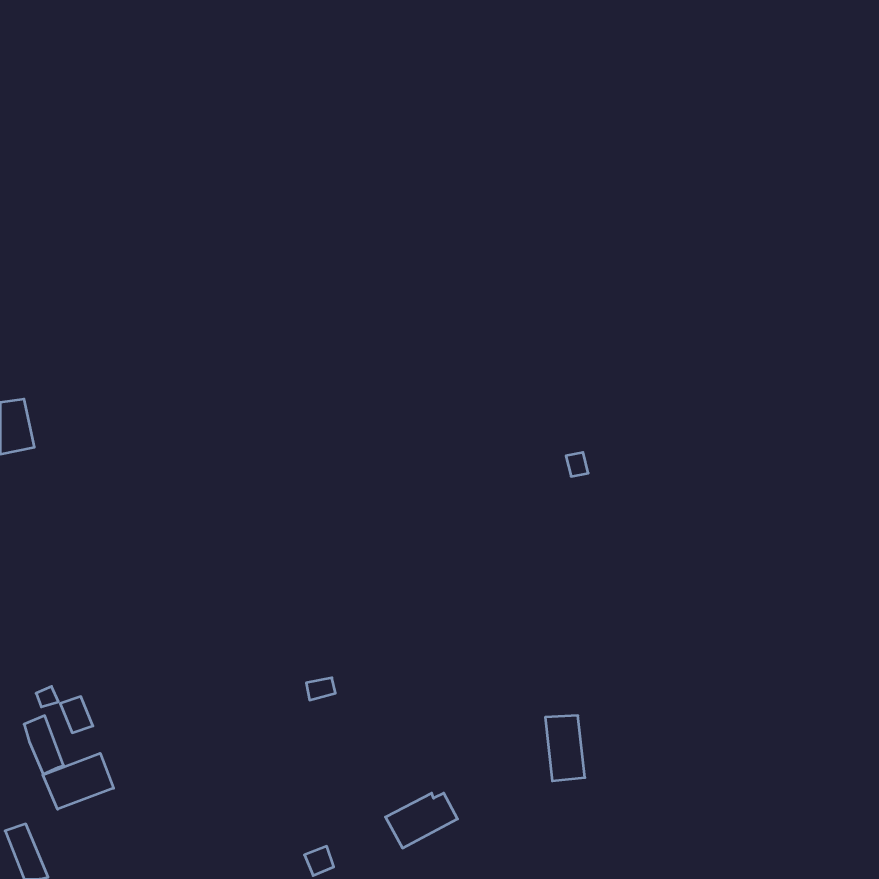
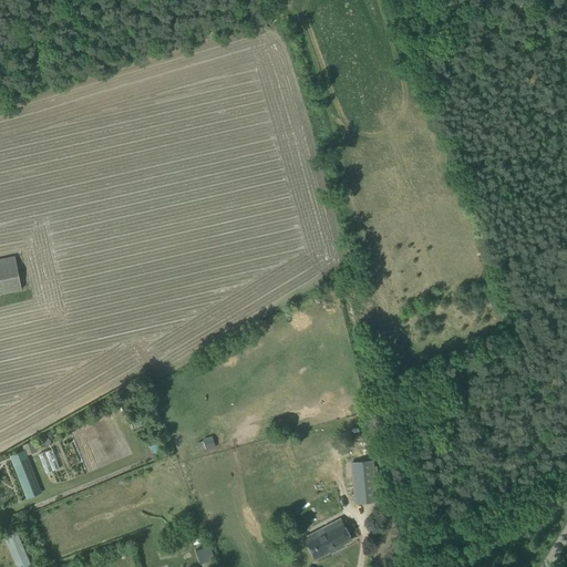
building: [43,753,114,809] -> none
building: [385,793,458,848] -> [305,523,351,558]

